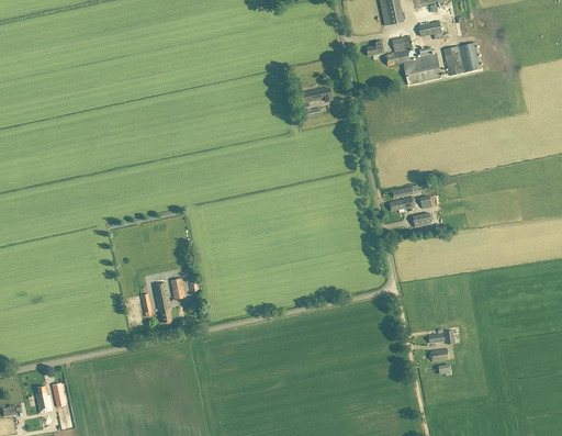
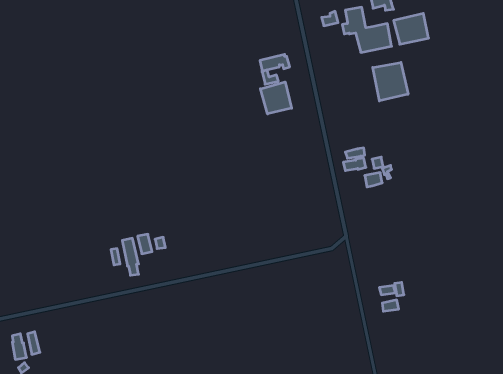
building: none -> [373,62,408,101]
building: none -> [260,82,292,114]

